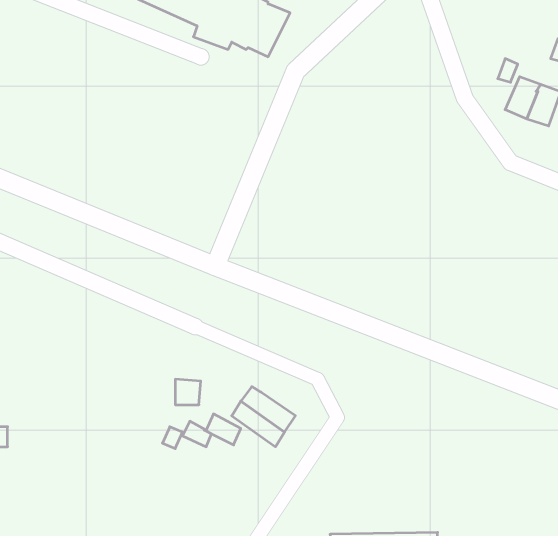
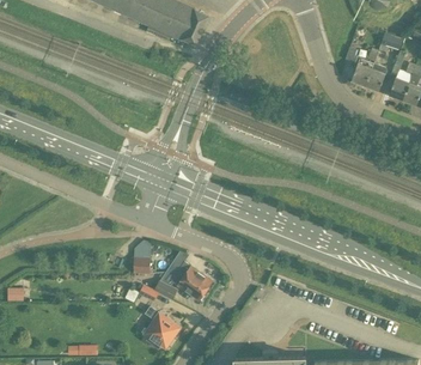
building: none -> [142,305,179,348]

